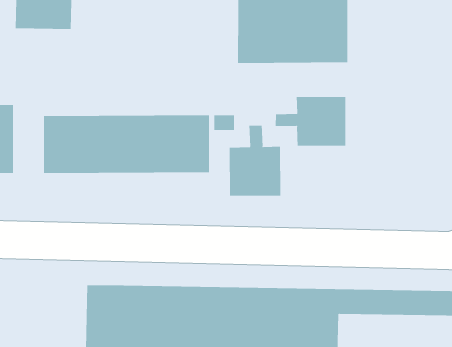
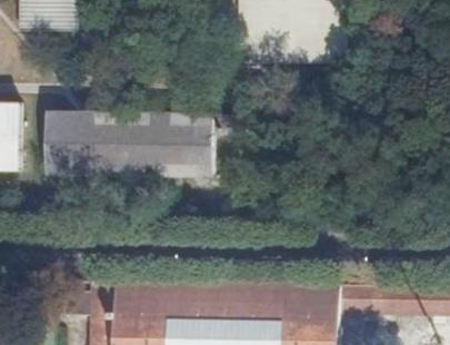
building: [275,96,346,147] -> none
building: [229,125,281,196] -> none

